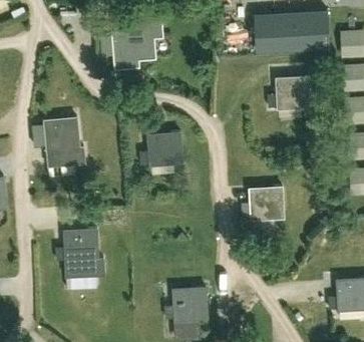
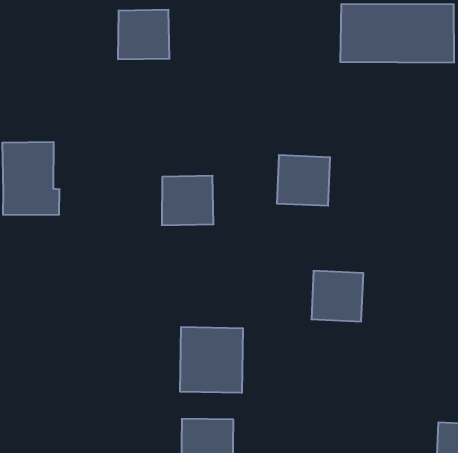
building: [275,77,309,109] -> [277,155,330,206]
building: none -> [180,327,243,393]
building: [63,230,104,278] -> none

